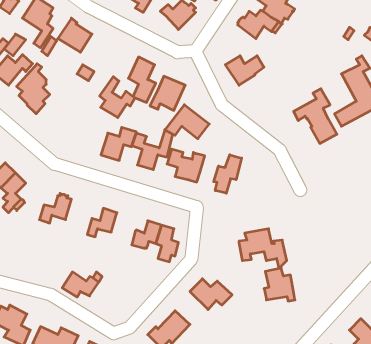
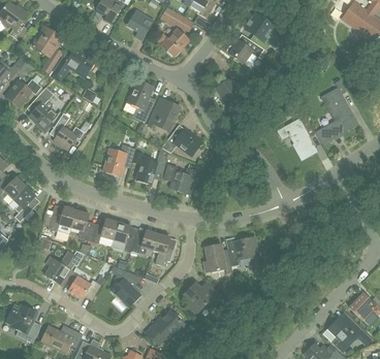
building: [100,77,135,118] -> [52,112,84,150]
building: [214,155,242,193] -> none
building: none -> [71,209,95,241]
building: none -> [112,222,134,253]
building: none -> [44,251,83,282]
building: none -> [113,269,139,305]
building: [264,268,295,301] -> [204,242,232,272]

